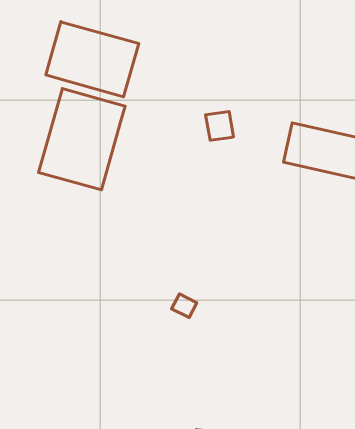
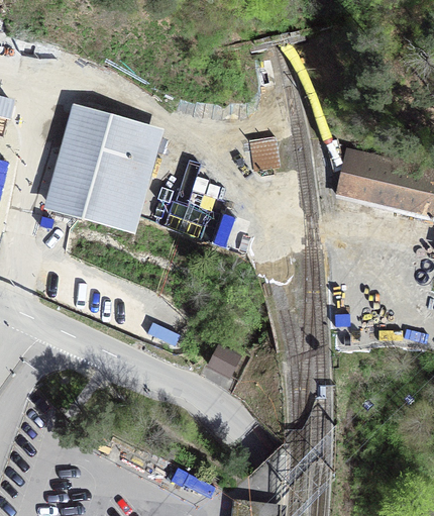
building: [46,22,139,97] -> none

